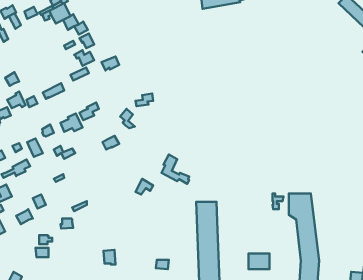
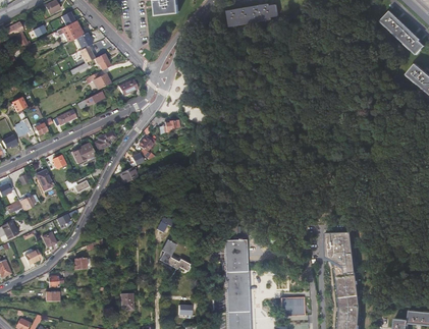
building: [162,154,189,184] -> [159,238,190,271]

